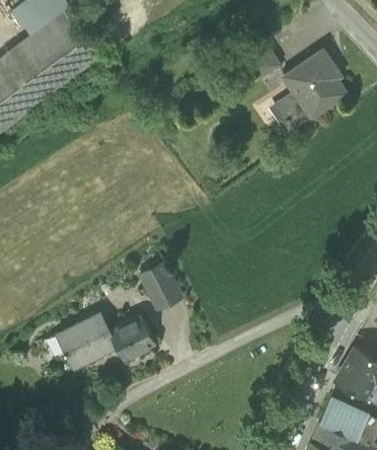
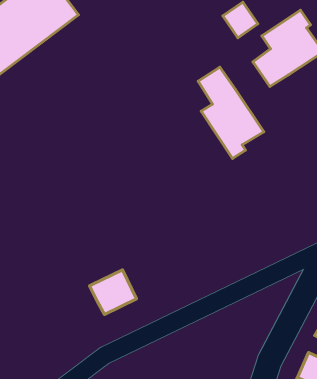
building: none -> [198,67,264,159]
building: [139,261,180,308] -> none
building: [56,315,116,369] -> none

